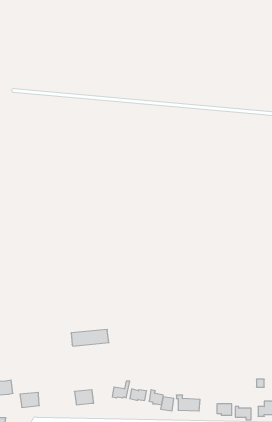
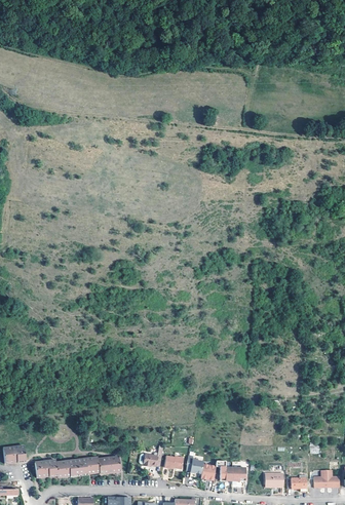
building: [71,329,109,346] -> [56,458,101,477]

